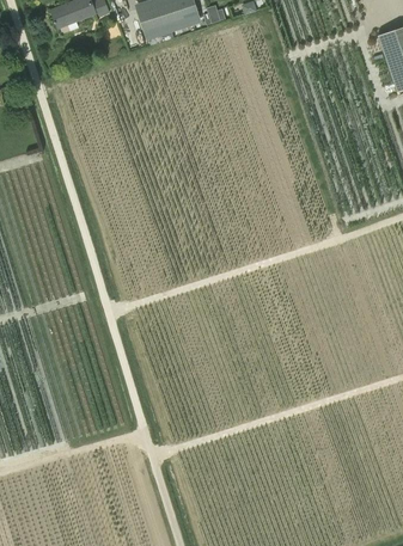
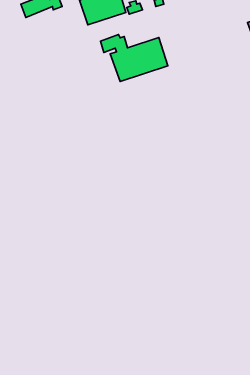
building: none -> [100,34,168,81]

